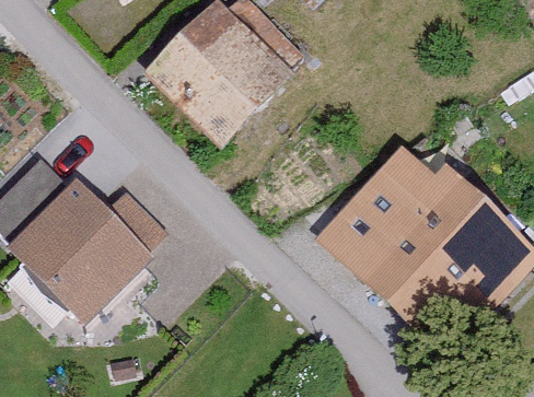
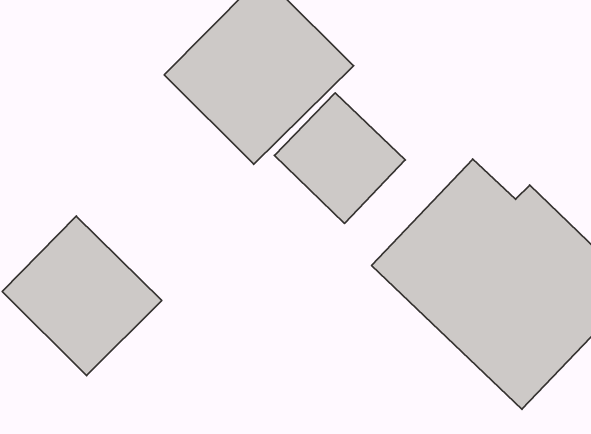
building: none -> [274,93,405,223]

